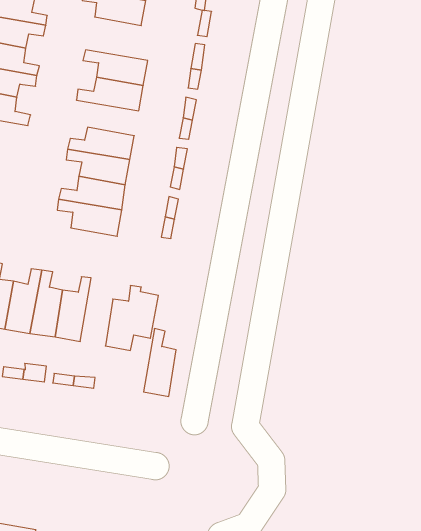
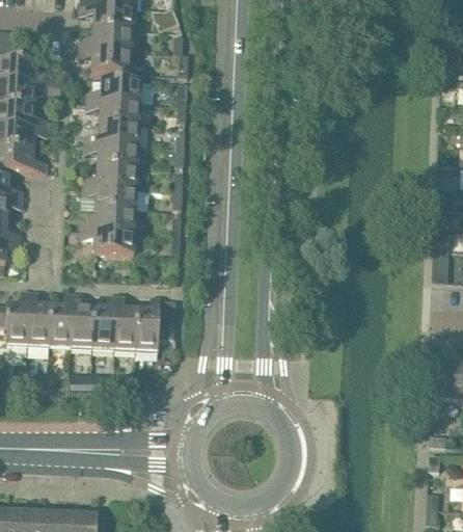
building: none -> [86,79,141,103]
building: none -> [84,144,138,168]
building: [144,329,176,396] -> [114,294,137,350]

